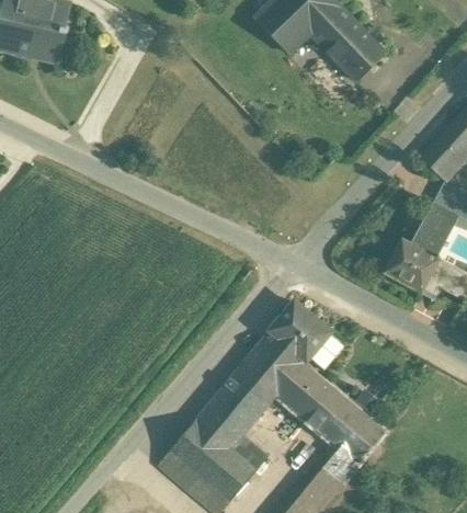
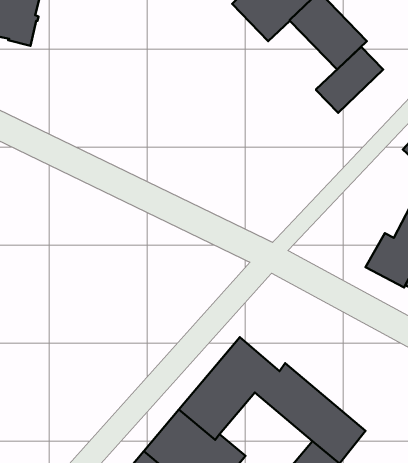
building: none -> [316,47,383,113]
building: [262,303,330,374] -> none

